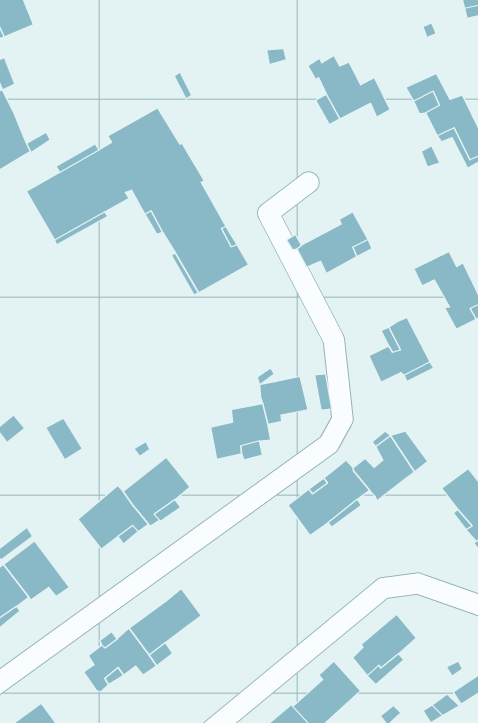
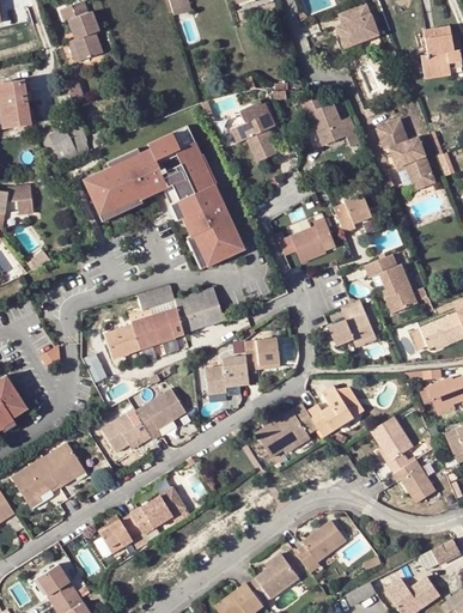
building: none -> [230,102,276,163]
building: none -> [333,189,376,232]
building: none -> [105,285,221,357]

